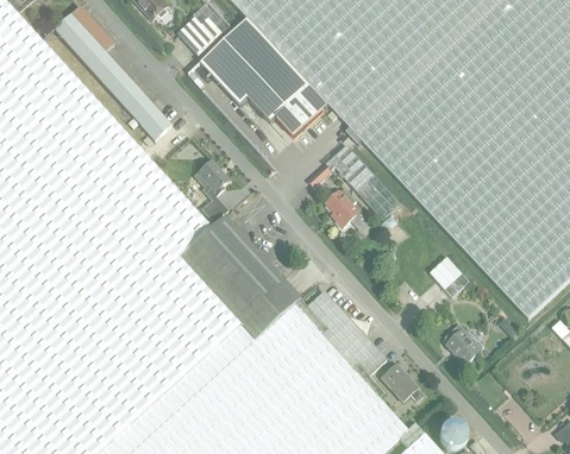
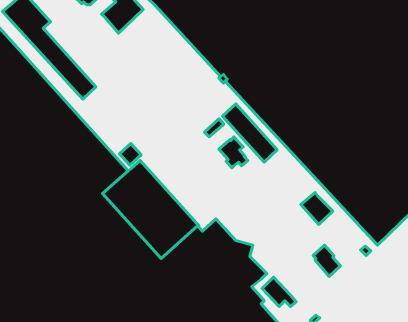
building: [200,21,325,139] -> none
building: [194,160,227,200] -> none

